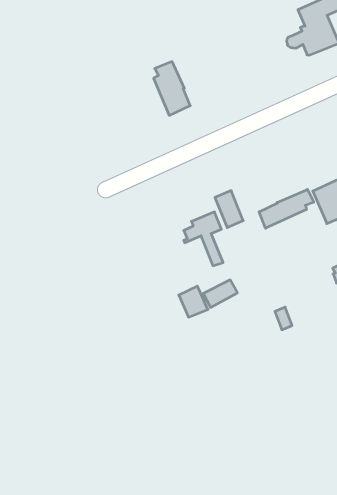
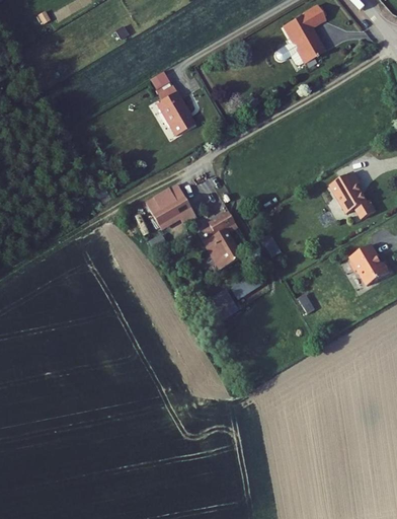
building: none -> [145,196,183,227]
building: [259,189,314,228] -> none
building: [215,191,243,228] -> [208,239,236,274]

